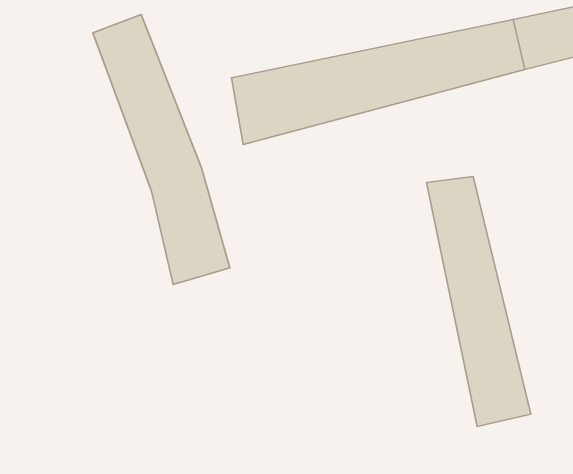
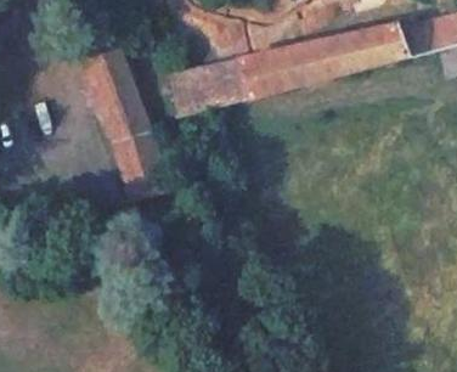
building: [427,176,531,426] -> none

